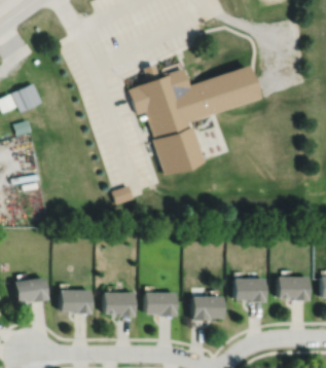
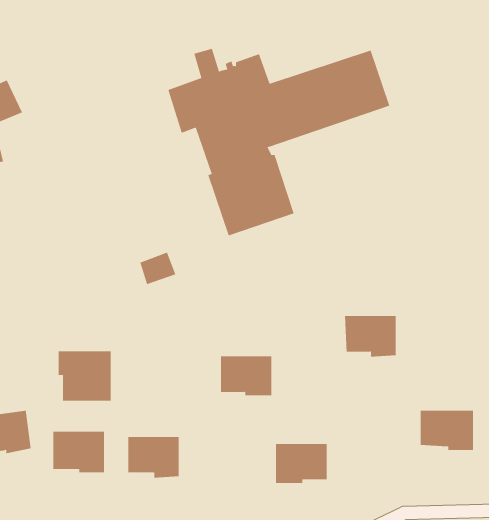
building: none -> [58,350,111,401]
building: [234,280,265,304] -> [344,316,396,357]
building: [145,294,176,318] -> [220,356,272,396]

